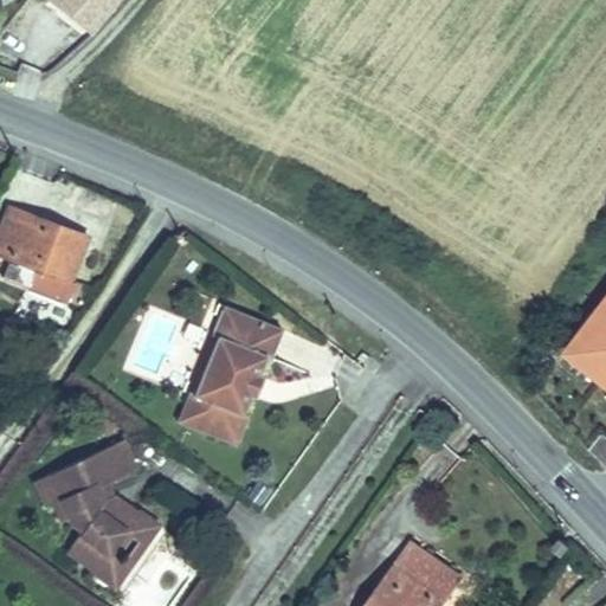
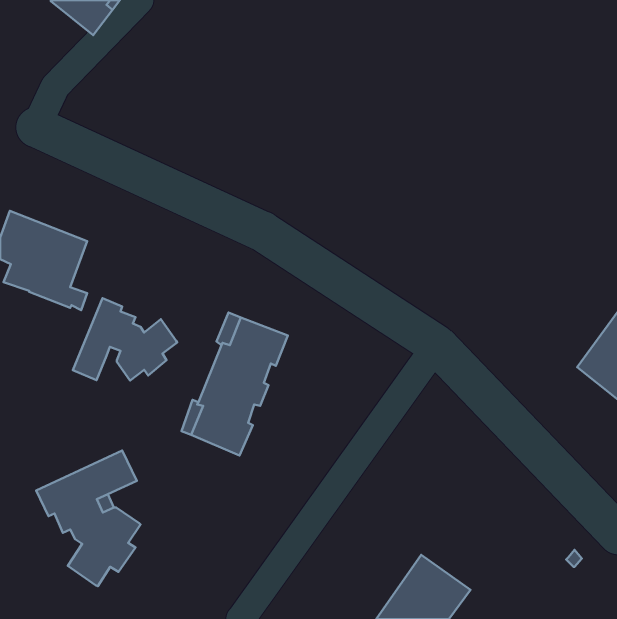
building: none -> [73,298,177,381]
building: [95,510,160,587] -> none

